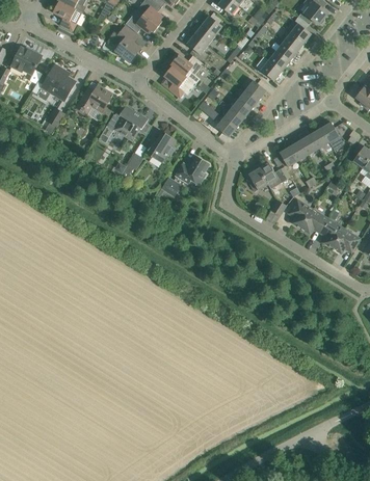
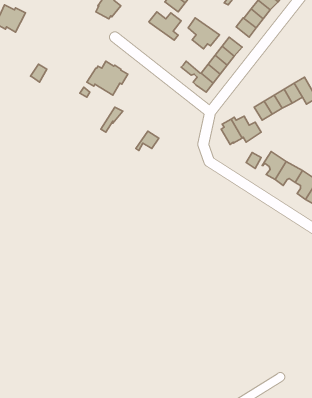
building: [35,64,75,101] -> none
building: [163,65,195,98] -> [188,18,219,49]
building: [74,84,110,115] -> none
building: [146,133,175,162] -> none
building: [175,156,209,185] -> none

